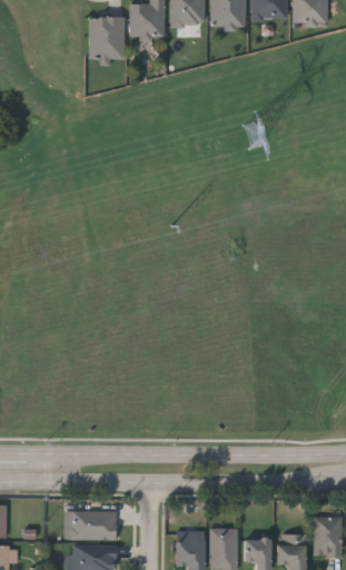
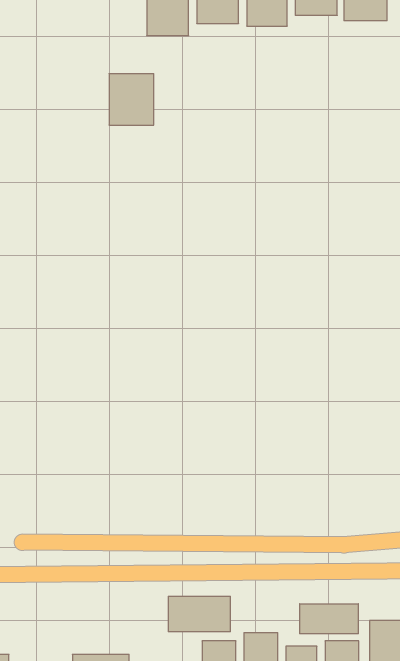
building: [88,17,125,59] -> [109,74,154,125]
building: none -> [300,604,358,634]
building: [65,511,116,540] -> [168,596,230,632]

